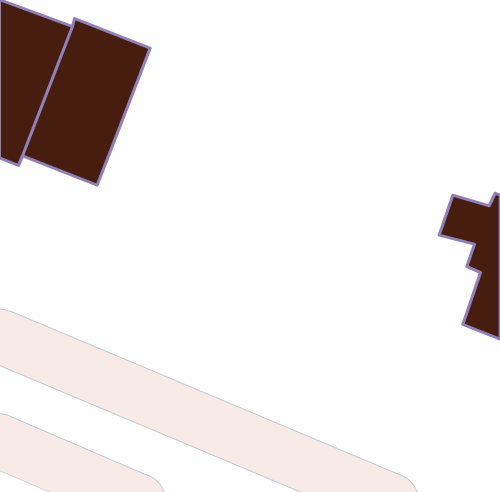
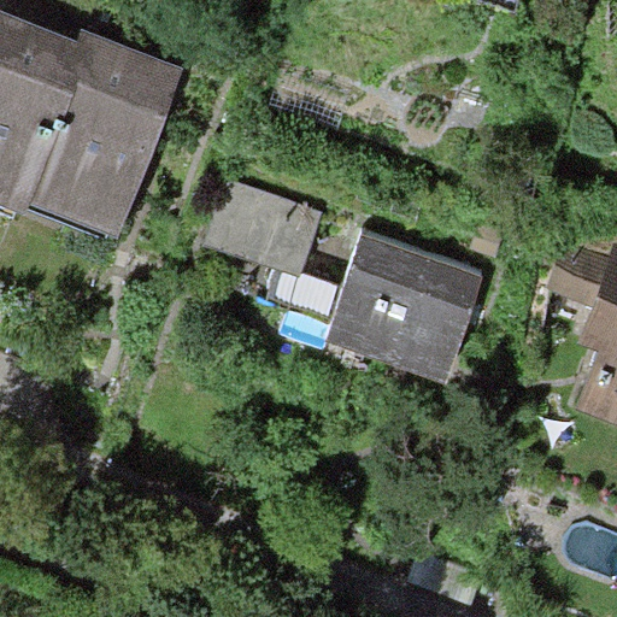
building: none -> [210,186,322,277]
building: none -> [324,222,484,375]

